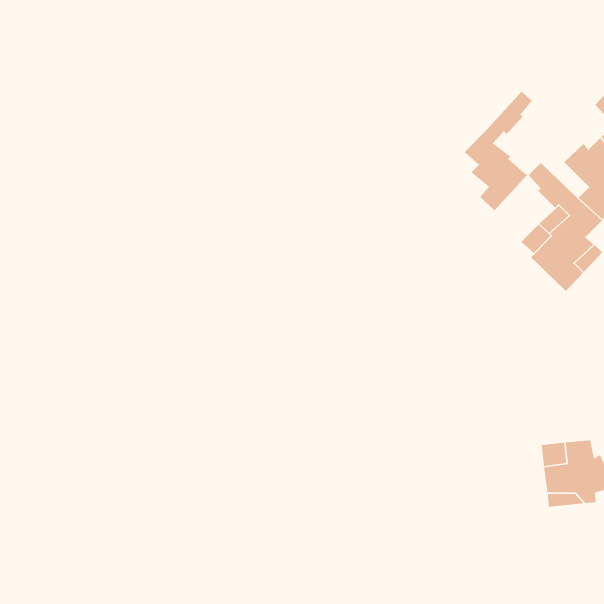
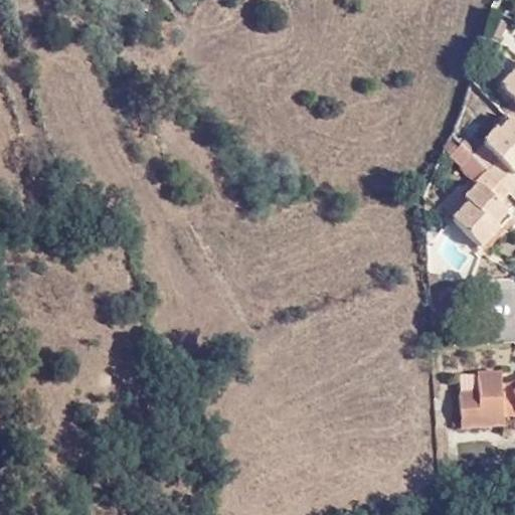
building: [464,91,533,211] -> none

